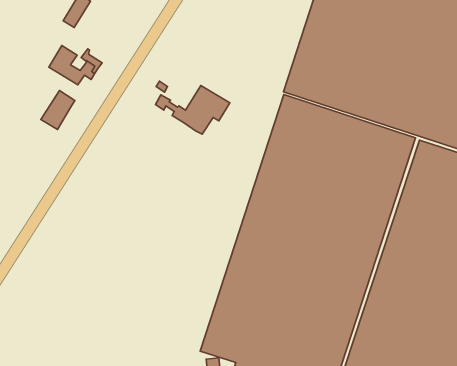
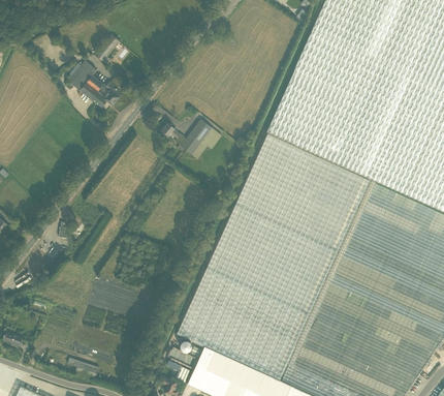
building: [41,91,75,129] -> [68,61,97,92]

